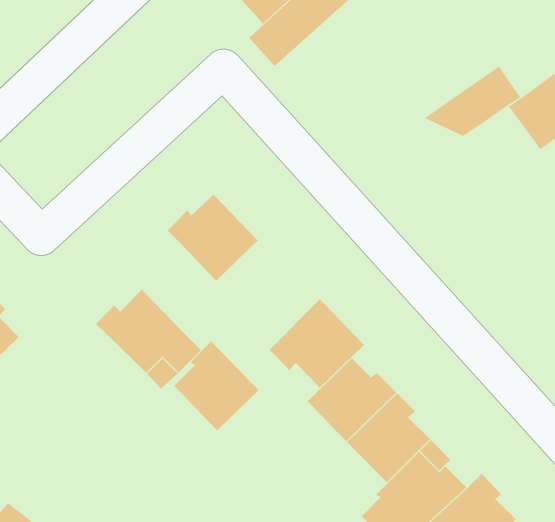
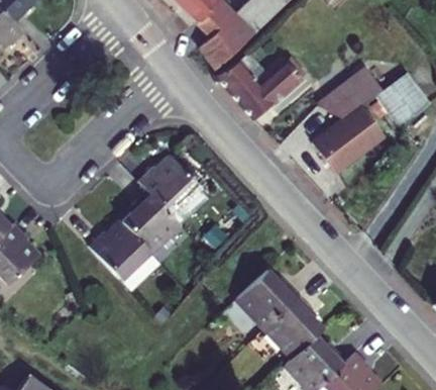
building: none -> [214,59,300,118]
building: none -> [310,107,383,174]
building: [269,299,365,389] -> none
building: [173,341,259,431] -> [123,191,183,254]

